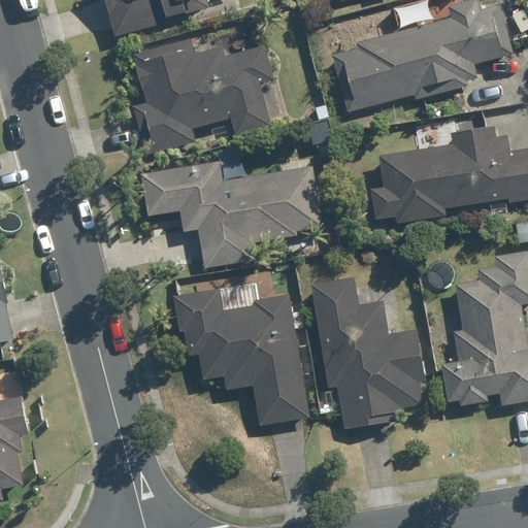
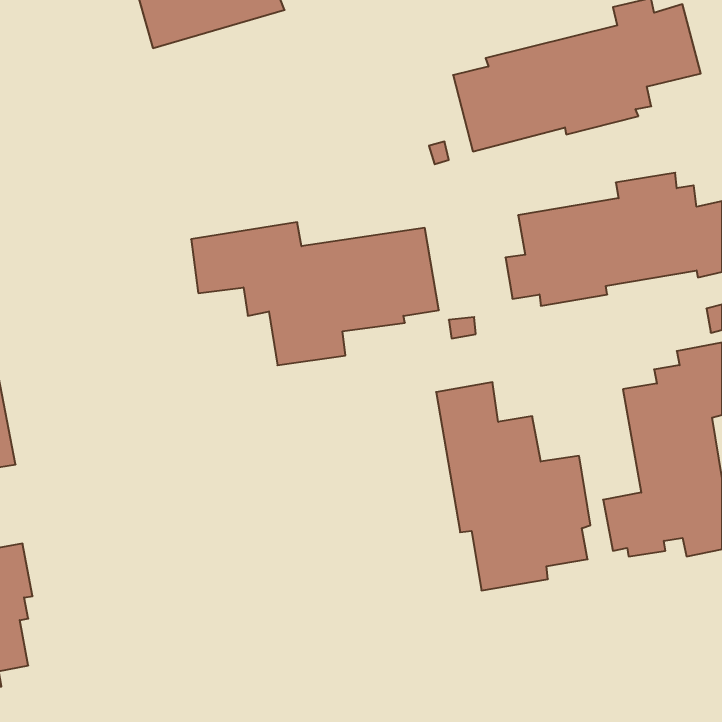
building: [131,38,271,155] -> none
building: [177,291,314,426] -> none

